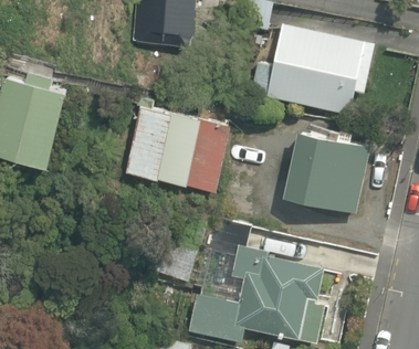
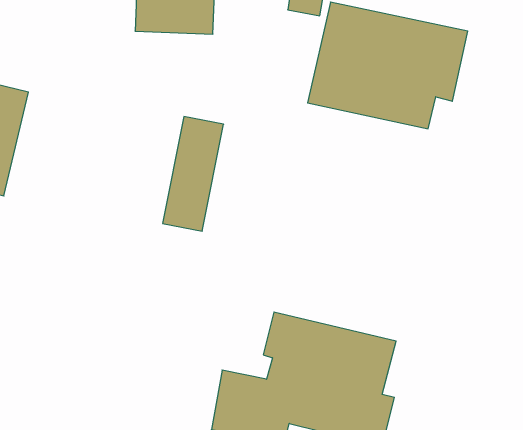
building: [119,97,171,182] -> none
building: [185,110,231,194] -> none
building: [276,129,370,216] -> none

